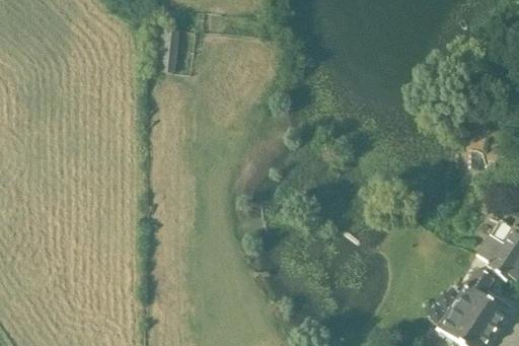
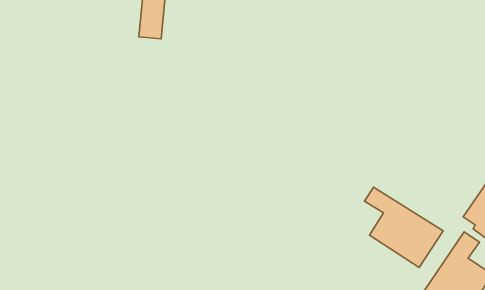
building: none -> [365,187,443,268]

